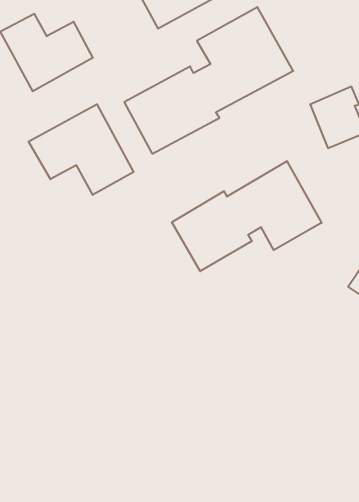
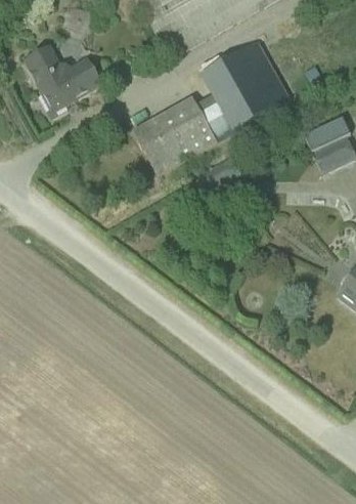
building: [29,104,134,195] -> none
building: [172,161,322,271] -> none

